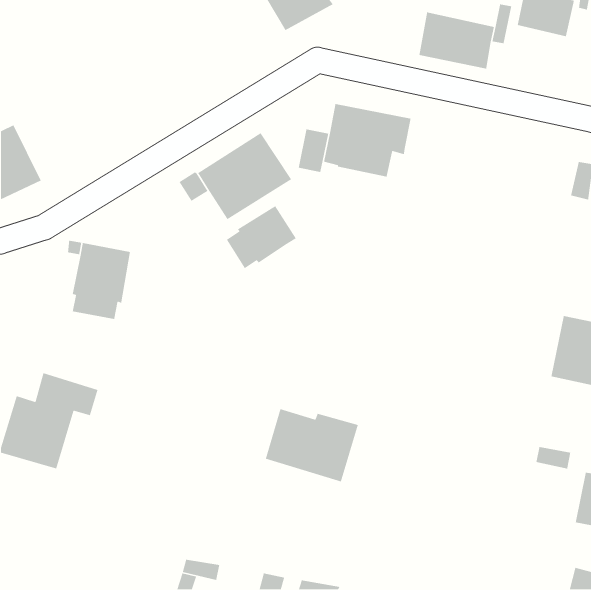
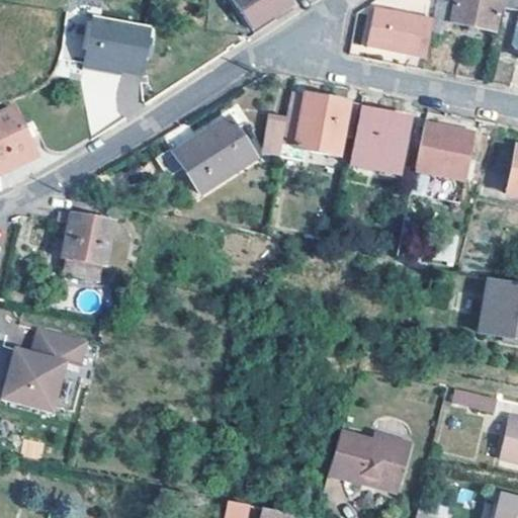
building: none -> [84,24,144,79]
building: none -> [349,108,411,173]
building: none -> [419,112,479,171]
building: [226,205,297,269] -> none
building: [265,408,359,482] -> [330,428,412,493]

